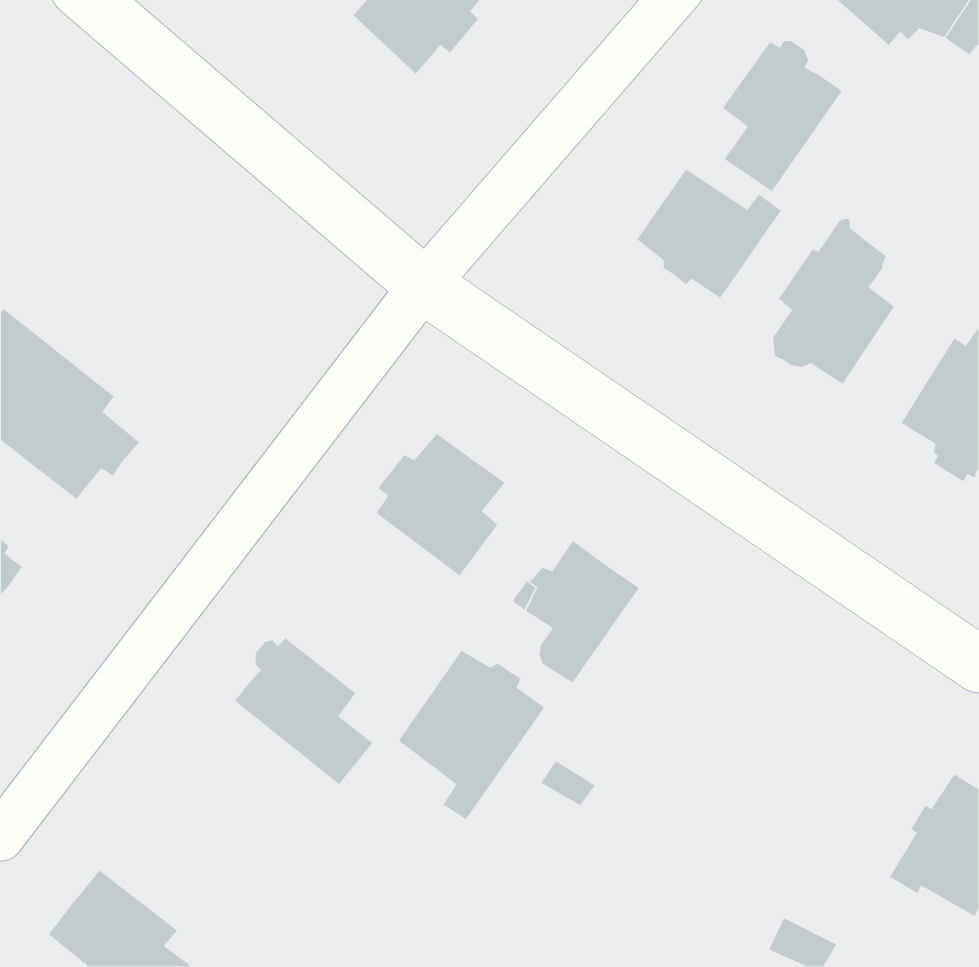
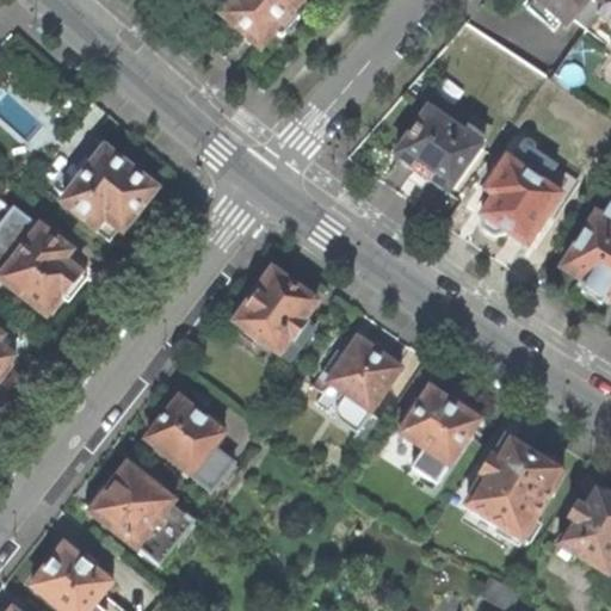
building: [722,40,843,192] -> none
building: none -> [64,146,156,237]
building: none -> [400,387,477,479]
building: [398,650,545,820] -> none
building: none -> [465,436,561,543]
building: none -> [85,463,172,548]

